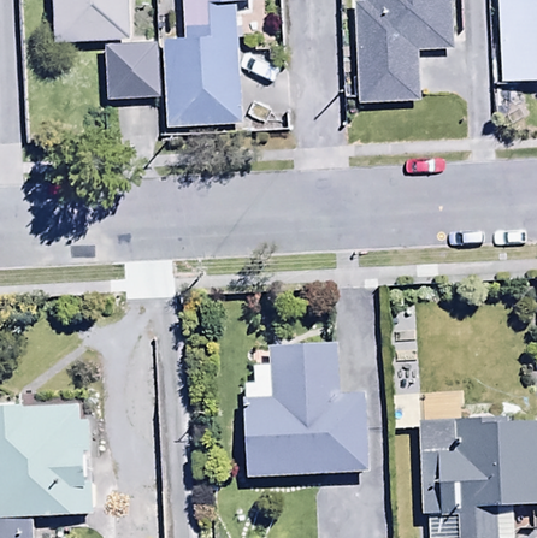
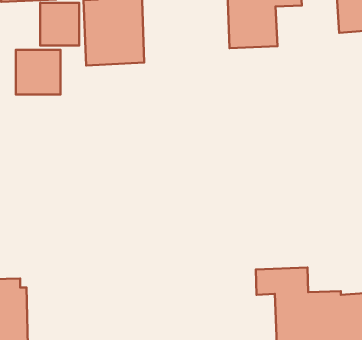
building: none -> [16,50,61,95]
building: [244,345,367,474] -> none

